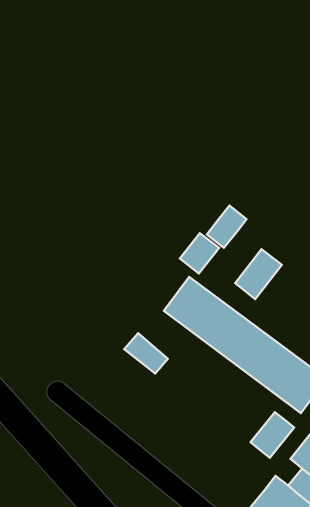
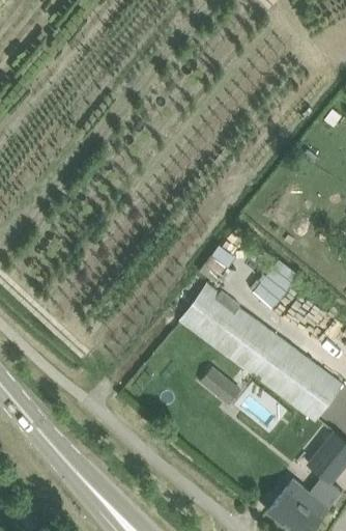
building: [207,206,247,248] -> none
building: [124,333,168,374] -> [198,366,240,406]
building: [251,412,294,458] -> none

